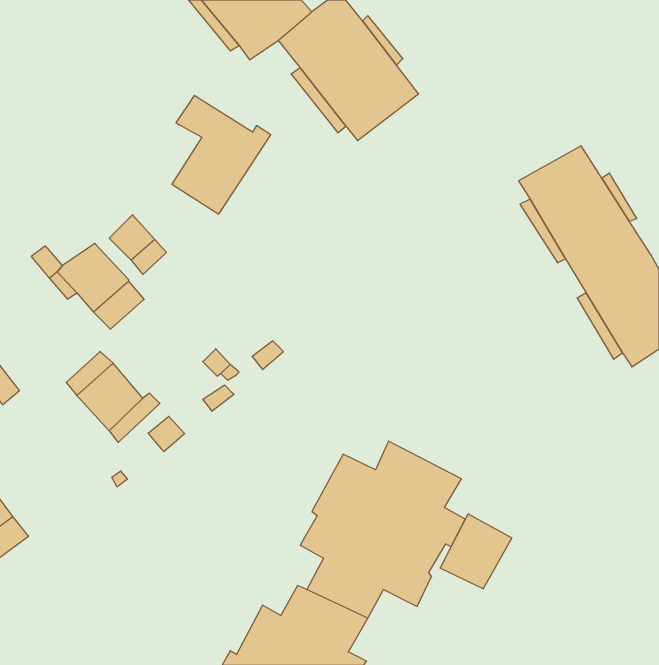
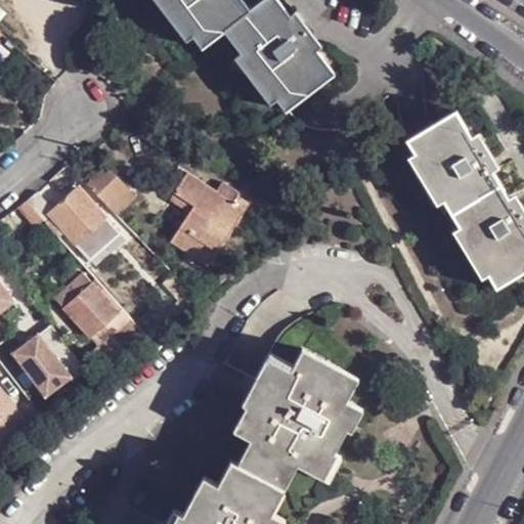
building: [172,96,271,214] -> [168,173,246,266]
building: none -> [12,326,83,395]
building: [440,514,512,589] -> none

